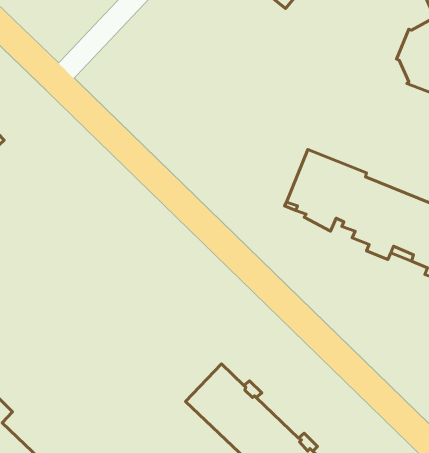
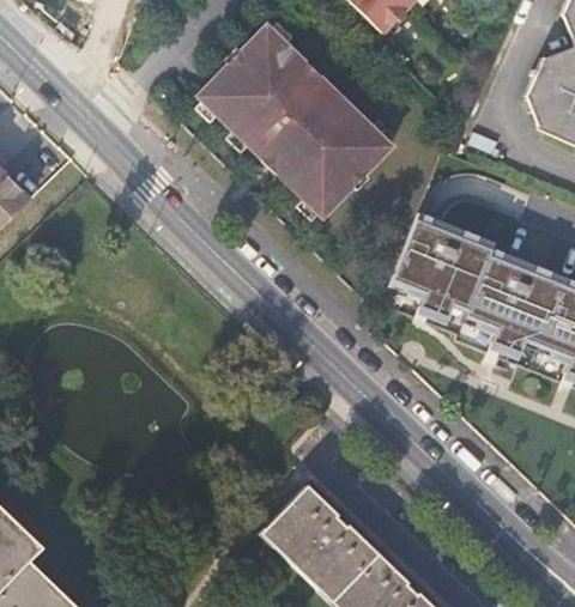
building: none -> [198,28,389,217]

